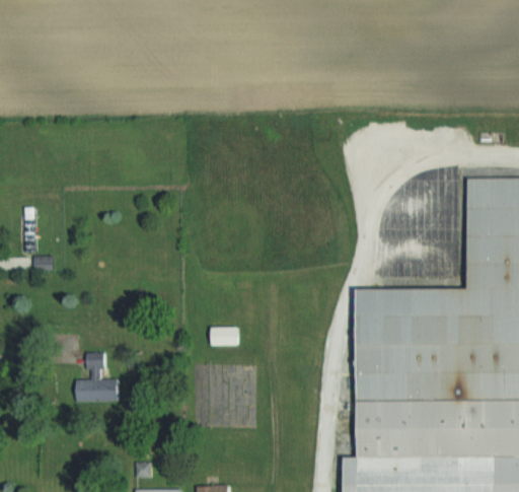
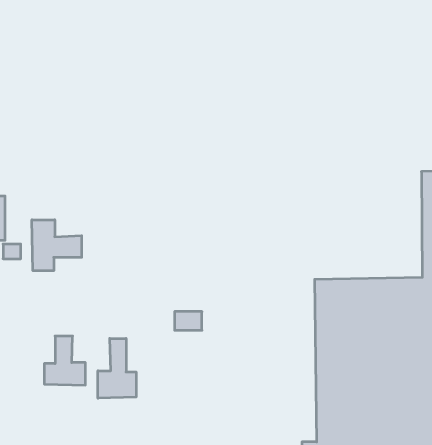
building: none -> [32,220,82,271]
building: none -> [98,338,136,398]

